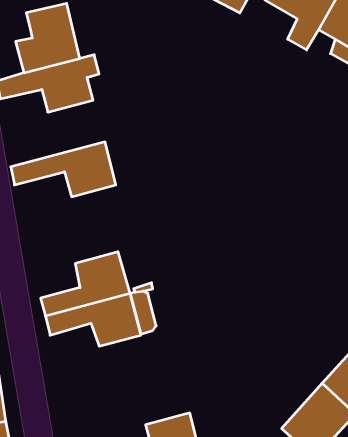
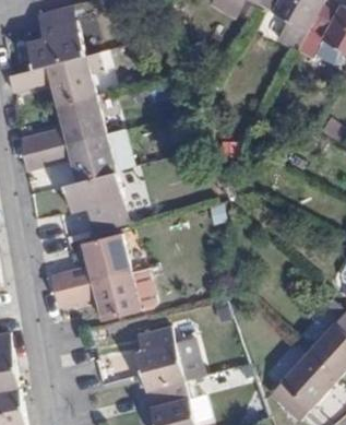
building: none -> [19,94,108,155]
building: none -> [64,172,132,236]
building: none -> [136,326,202,391]

